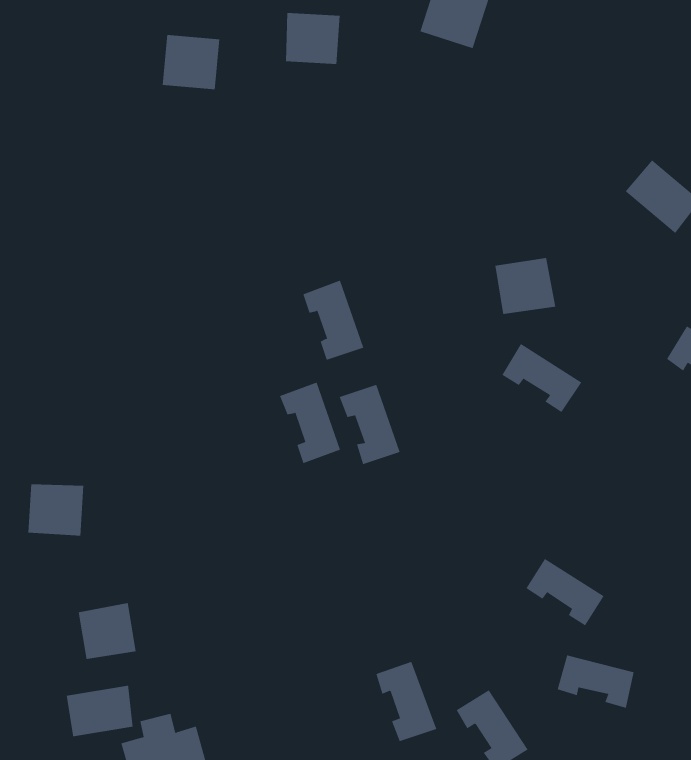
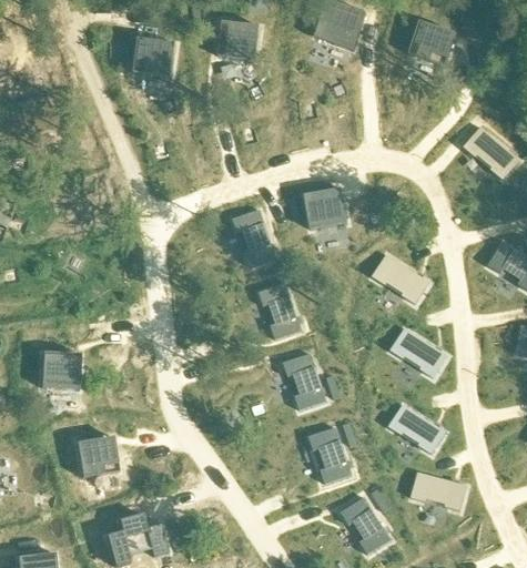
building: none -> [408,20,455,65]
building: [495,258,556,315] -> [304,189,347,229]
building: [279,382,341,464] -> [282,353,325,410]
building: none -> [389,328,446,377]
building: [375,661,437,742] -> [308,427,352,484]
building: [66,685,133,737] -> none

